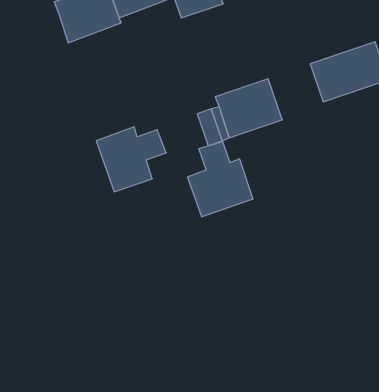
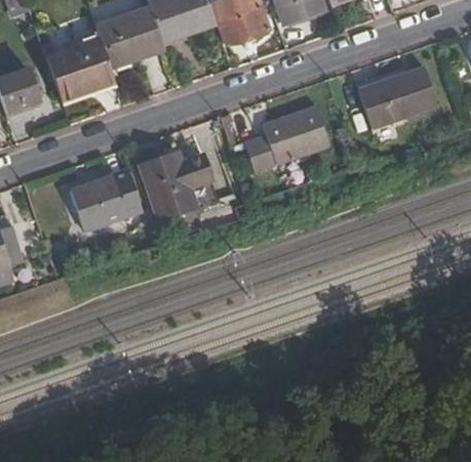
building: none -> [47,39,116,98]
building: [188,141,253,217] -> none
building: none -> [70,169,143,229]

